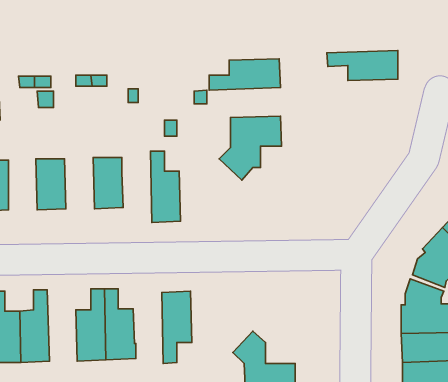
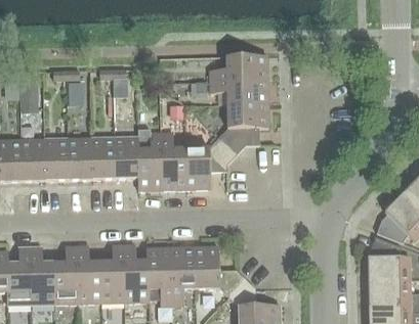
building: [327,50,398,80] -> [210,80,268,104]
building: none -> [138,130,163,191]
building: none -> [91,137,116,179]
building: none -> [45,138,69,180]
building: none -> [185,138,237,189]
building: none -> [77,245,101,304]
building: none -> [195,246,246,296]
building: none -> [146,247,172,306]

